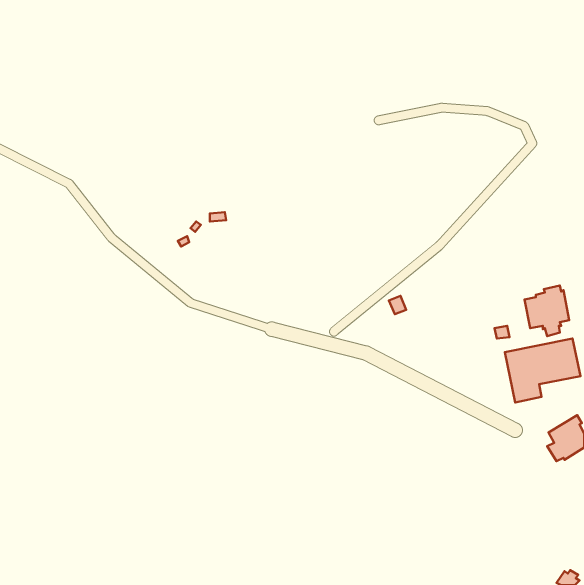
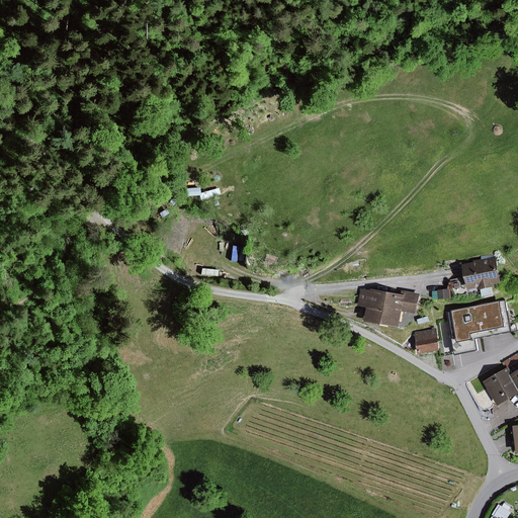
building: none -> [357,288,420,327]
building: none -> [414,328,440,354]

